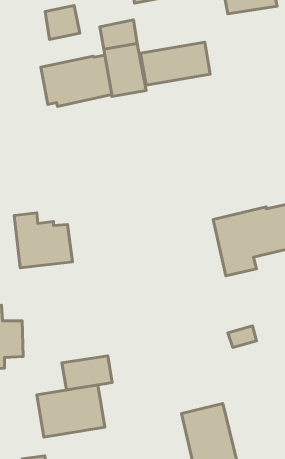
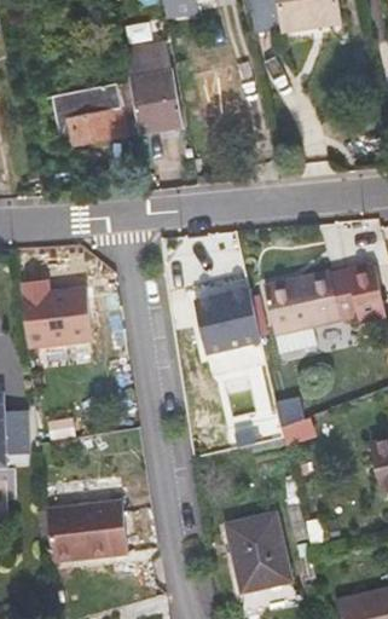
building: [45,6,80,40] -> none
building: [141,42,210,85] -> none
building: none -> [193,288,259,354]
building: [62,356,112,390] -> none

